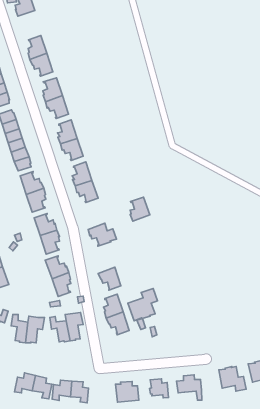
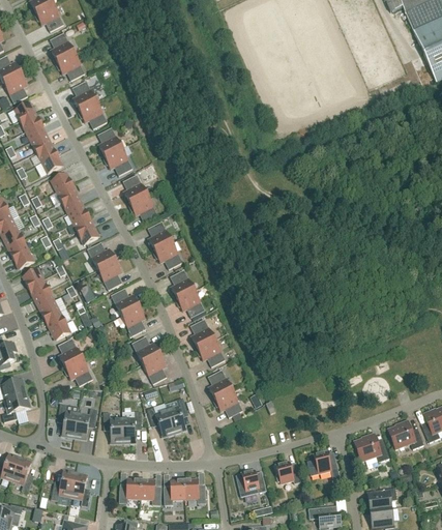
building: none -> [56,53,85,80]
building: [130,197,150,221] -> [170,269,195,299]
building: none -> [190,319,214,349]
building: [128,288,158,321] -> none

